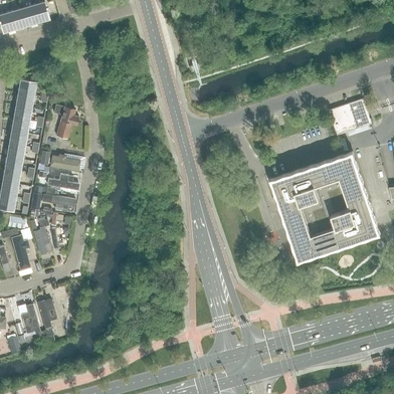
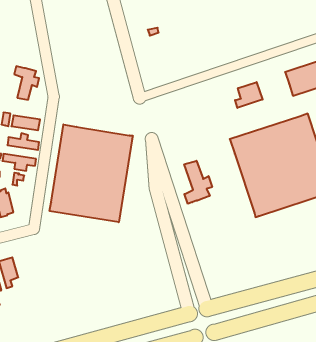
building: none -> [235,82,263,108]
building: none -> [50,124,133,222]
building: none -> [184,161,212,204]

